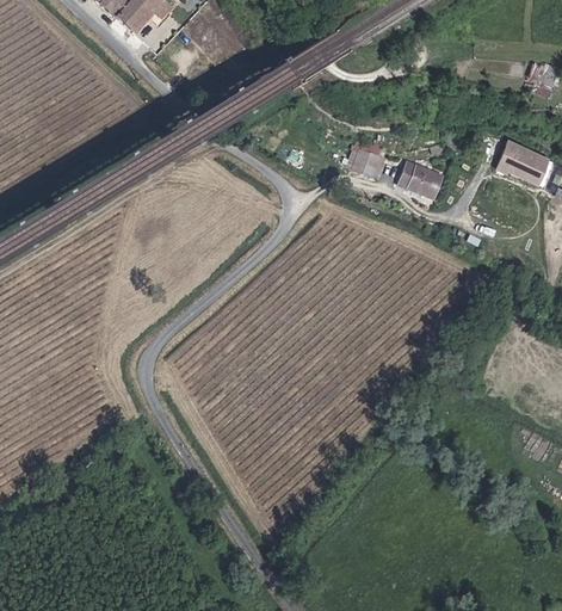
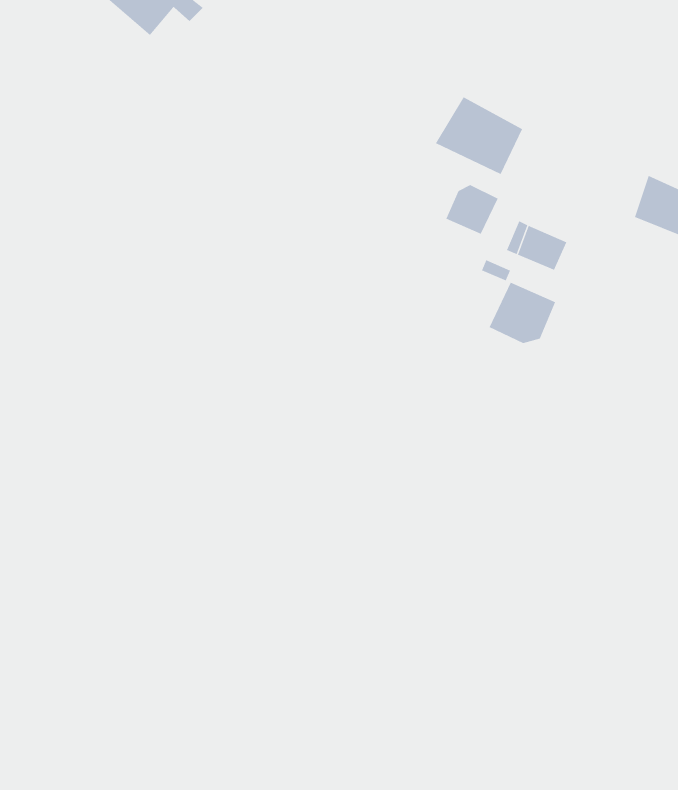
building: none -> [435,97,523,175]
building: none -> [489,282,556,344]

